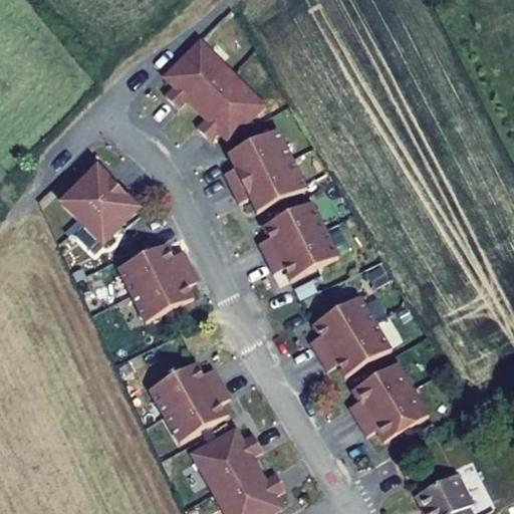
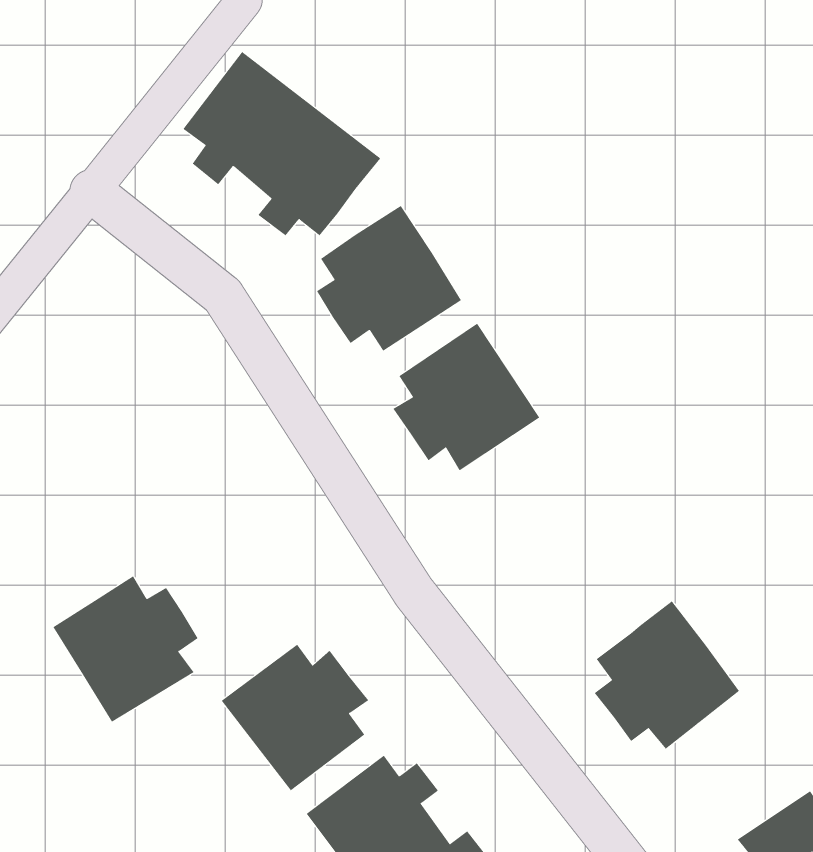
building: [60,163,139,241] -> none
building: [119,241,197,318] -> [53,576,198,722]
building: [310,294,389,373] -> none

